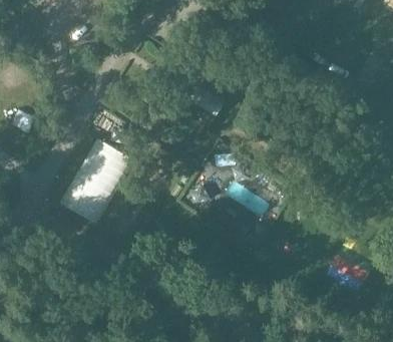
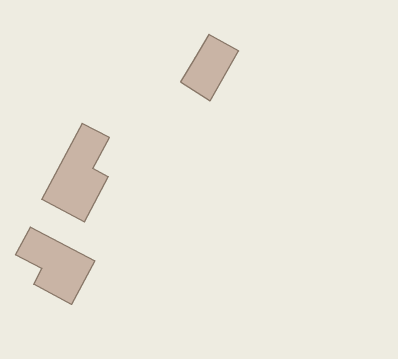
building: none -> [16,227,95,304]

